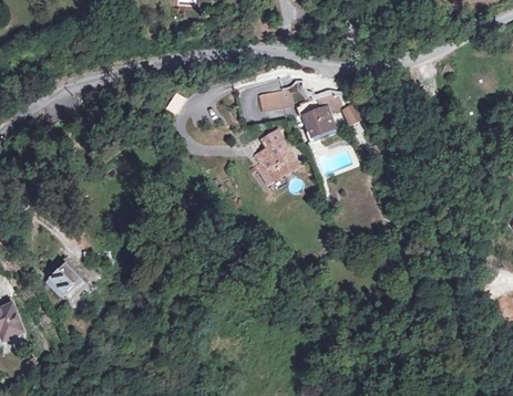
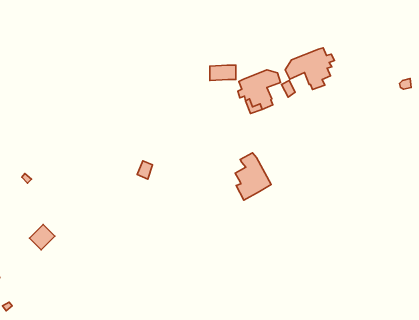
building: none -> [285,48,334,90]
building: [256,129,297,184] -> [235,153,271,200]

